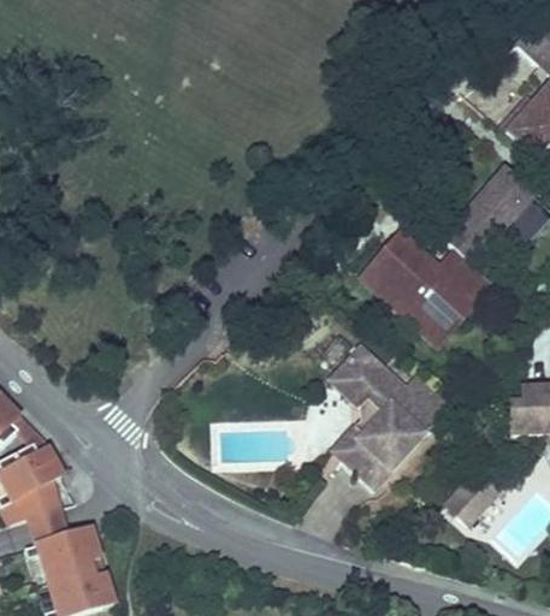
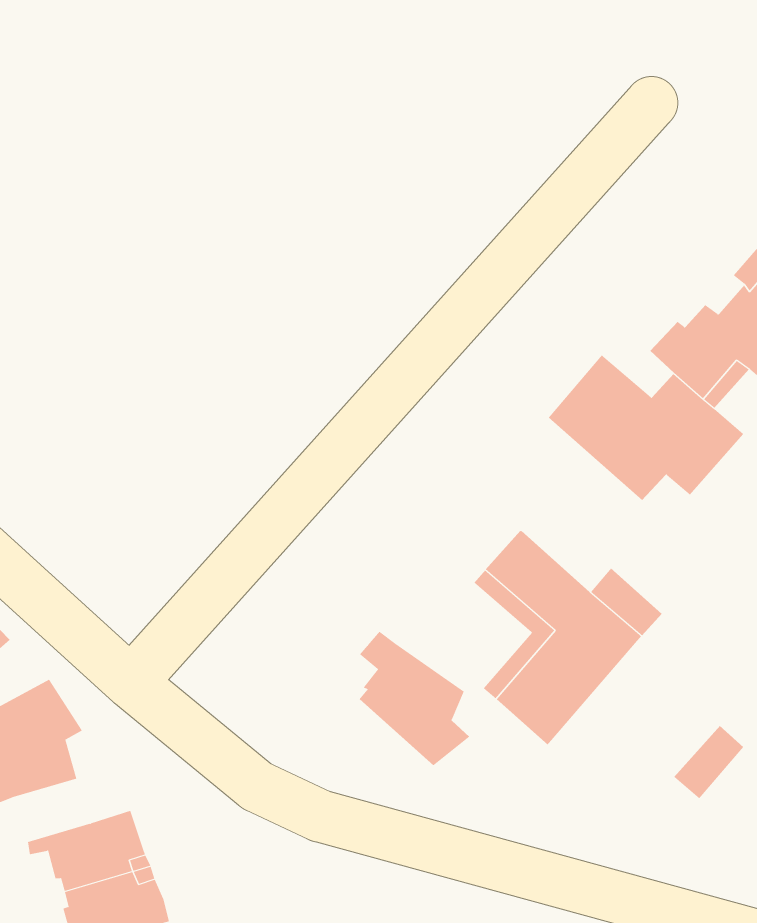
building: [361,272,461,348] -> none
building: none -> [359,631,470,766]
building: [22,507,71,547] -> none

